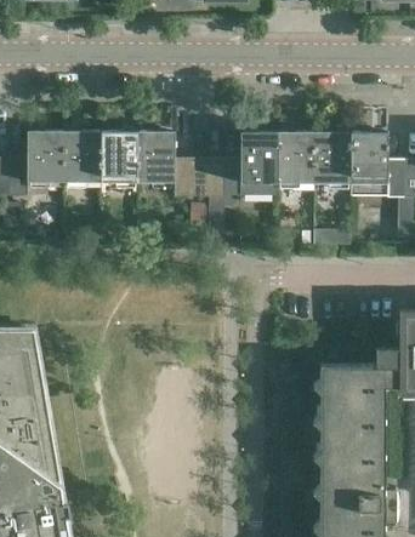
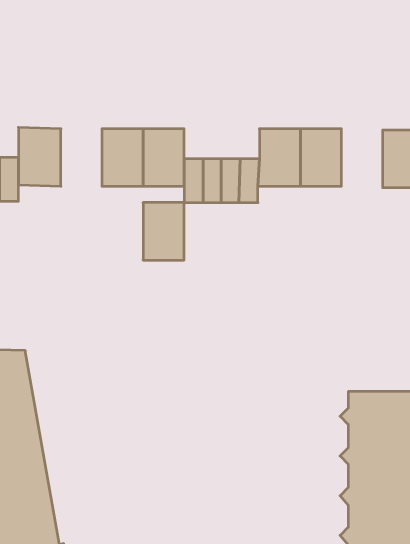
building: [64,133,101,184] -> [143,203,184,260]
building: [313,133,349,185] -> none

